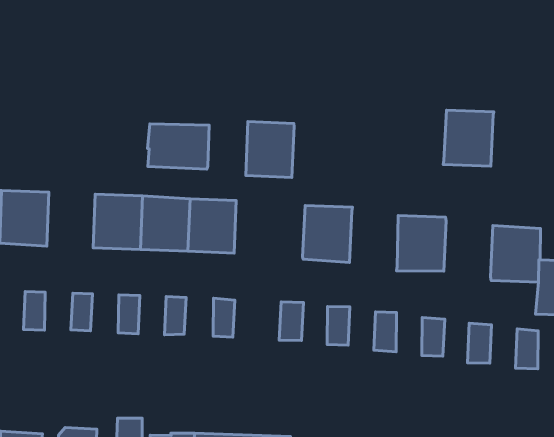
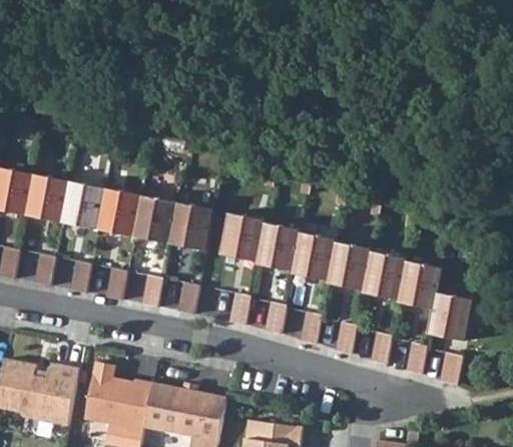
building: [443,110,494,166] -> [361,251,406,299]
building: [246,122,294,177] -> [220,212,264,261]
building: [148,124,209,169] -> none
building: none -> [61,180,104,229]
building: none -> [291,232,335,280]

